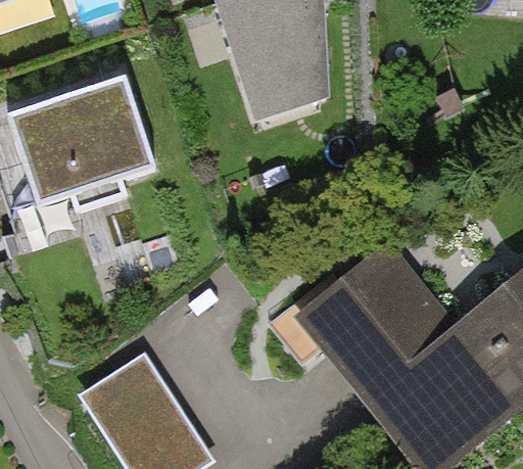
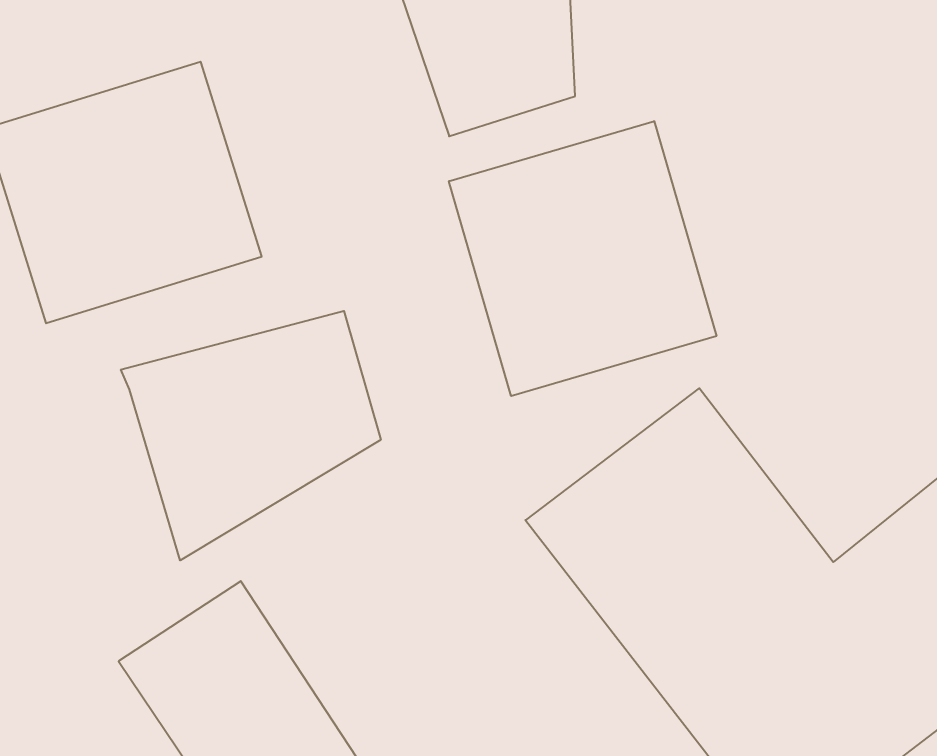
building: none -> [449,121,716,396]
building: none -> [121,311,381,560]

